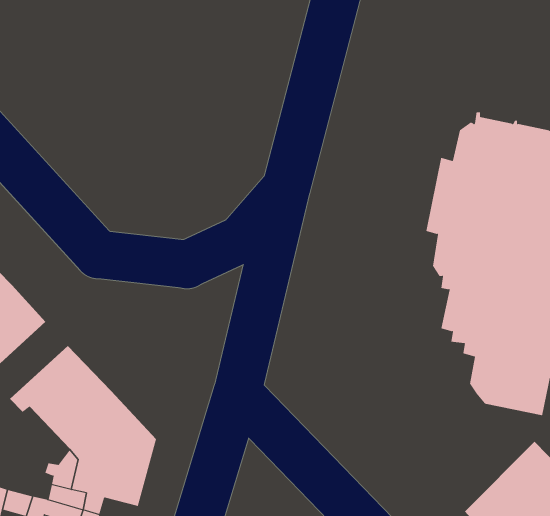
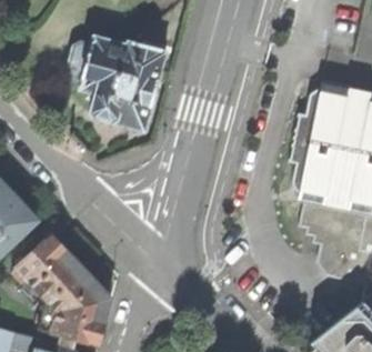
building: none -> [68,36,165,131]

